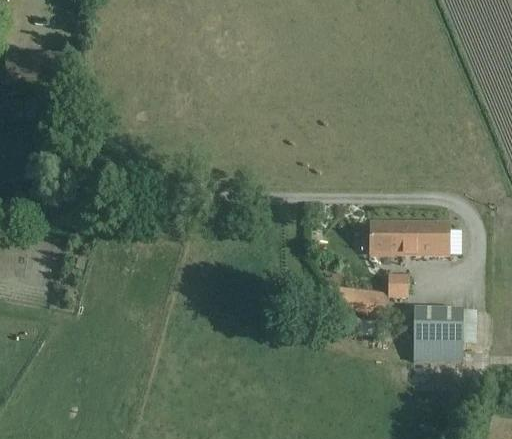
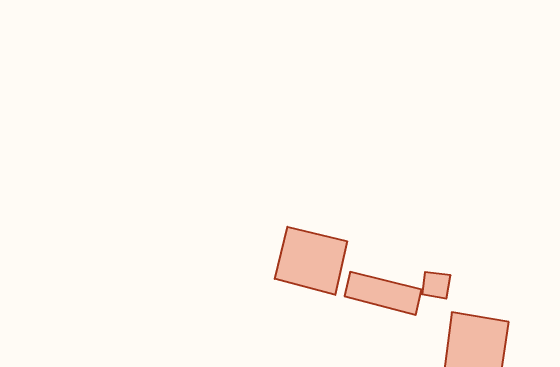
building: [370,222,449,253] -> none
building: none -> [275,227,347,295]

